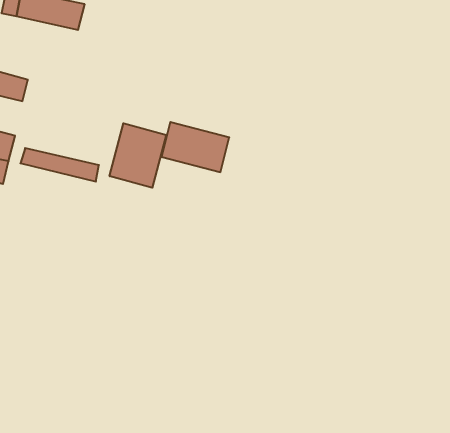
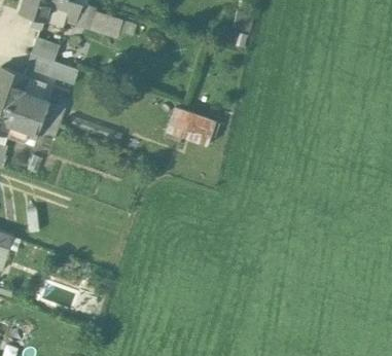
building: [110,123,166,188] -> none

